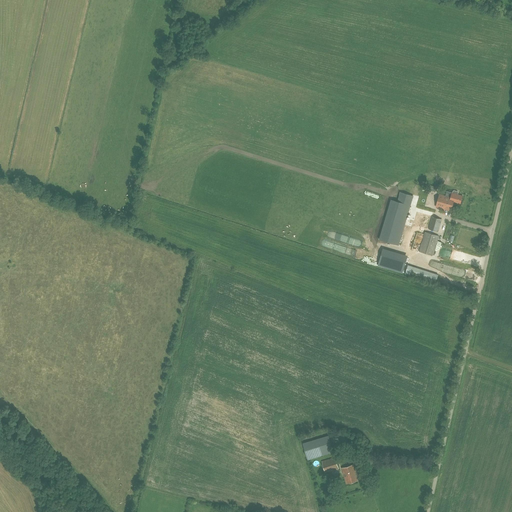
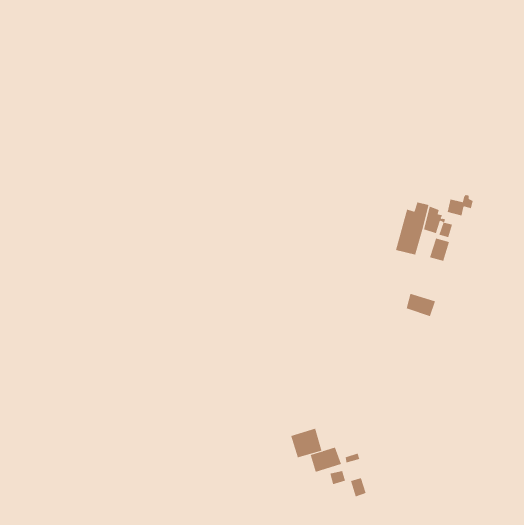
building: [376,249,405,272] -> [406,293,436,317]
building: none -> [290,428,322,458]

